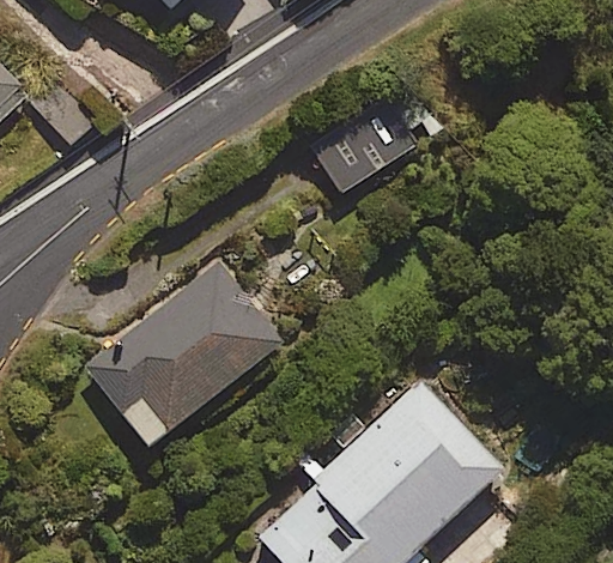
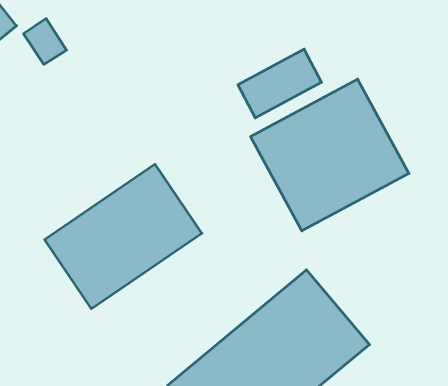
building: none -> [251,79,409,231]

